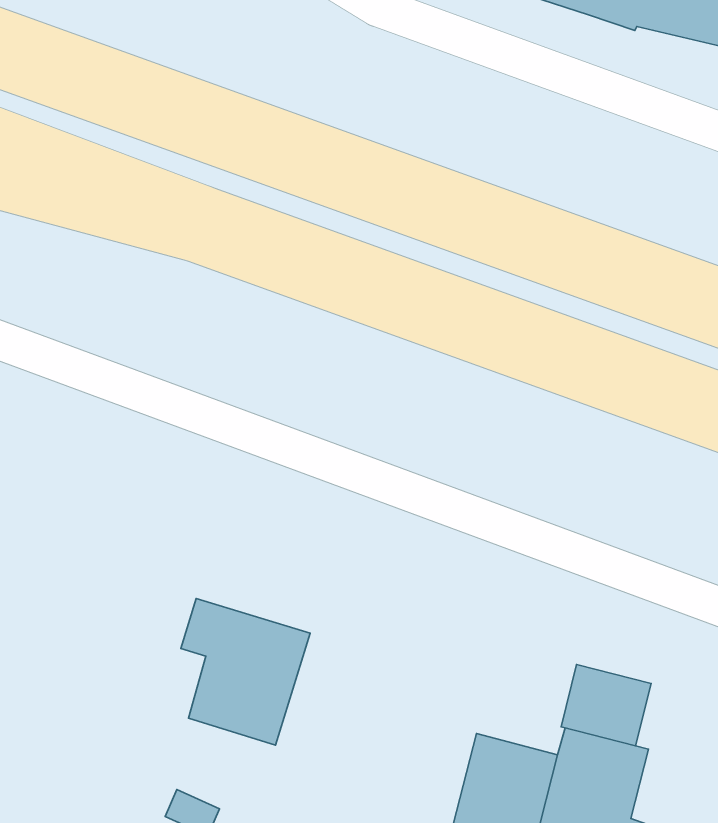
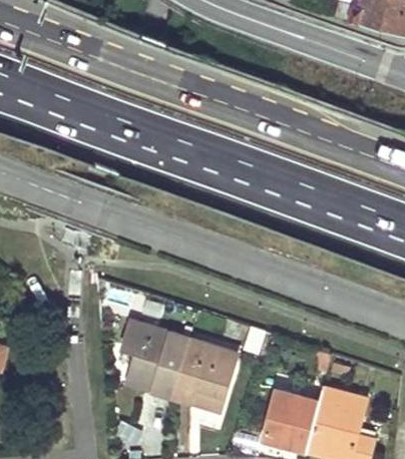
building: none -> [172,339,237,412]
building: [561,664,651,746] -> none

